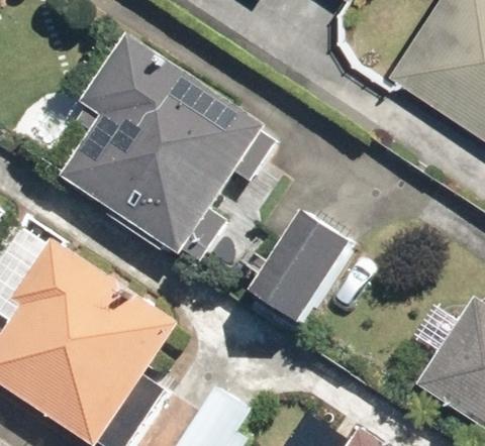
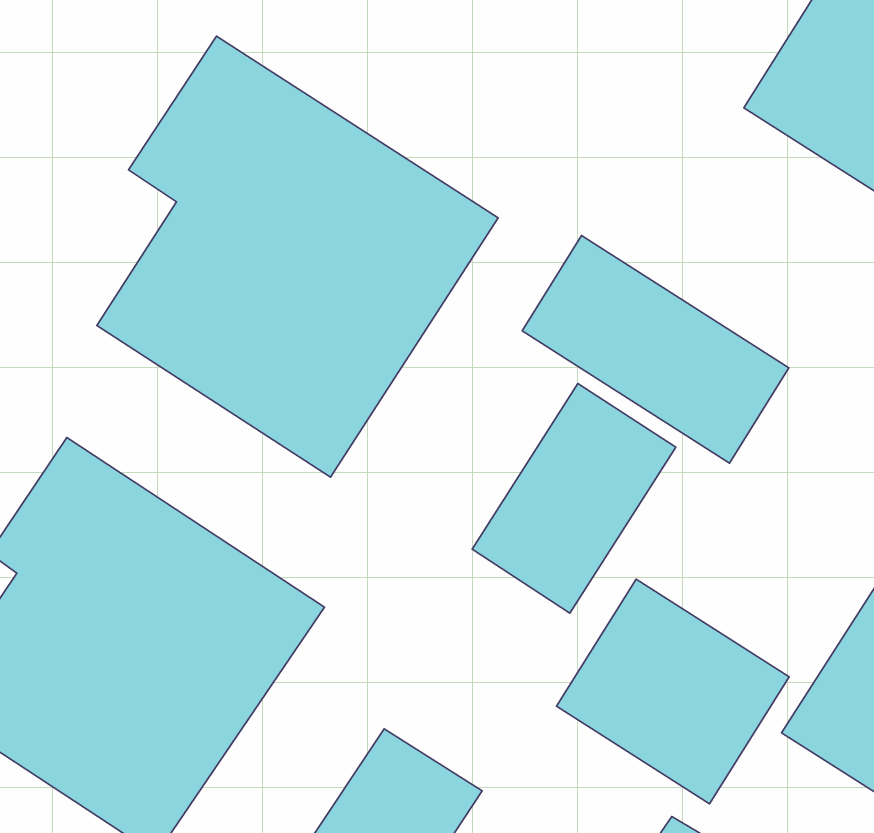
building: none -> [522,235,789,463]
building: none -> [556,579,789,804]

